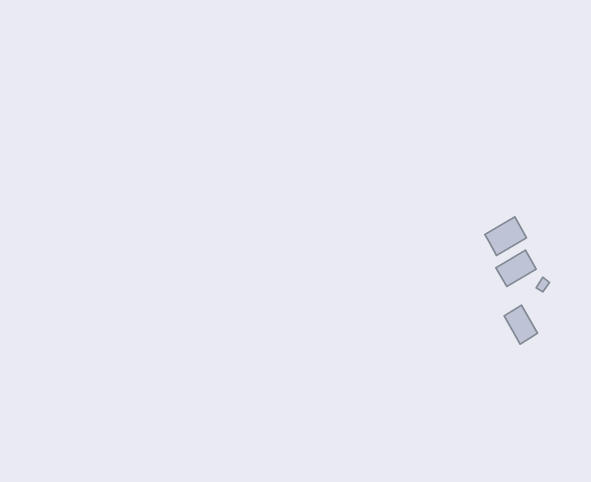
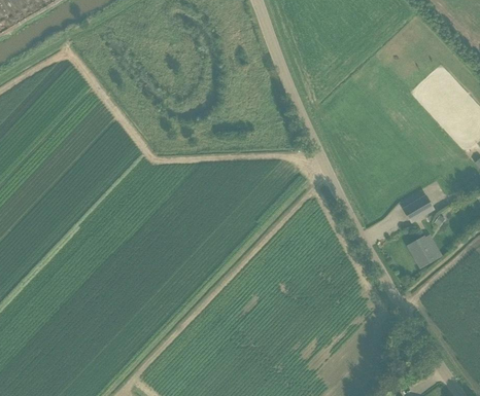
building: [485,217,527,256] -> none

